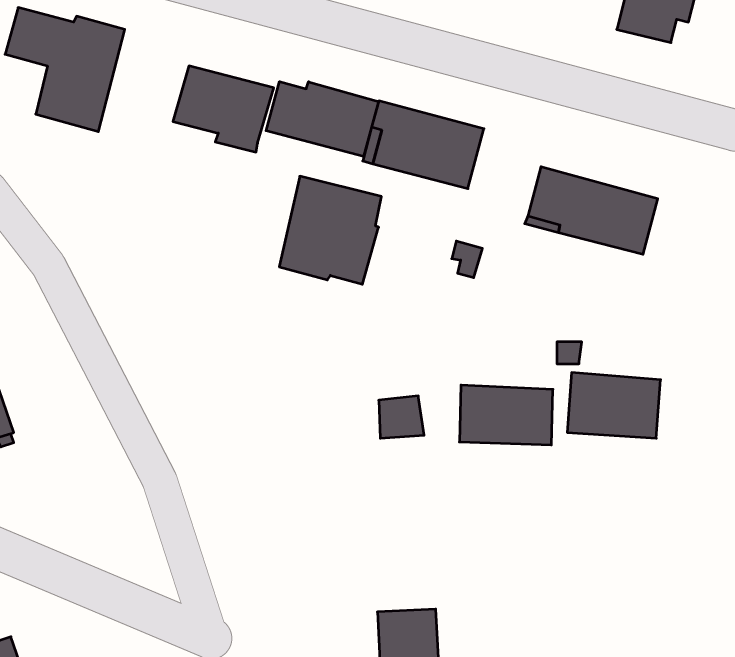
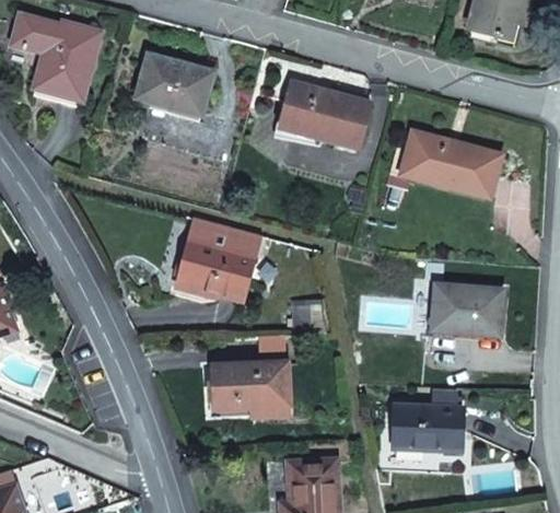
building: [266,82,379,157] -> none
building: [279,176,381,284] -> [178,218,255,299]
building: [459,385,553,445] -> [393,405,463,450]
building: none -> [213,362,289,416]

